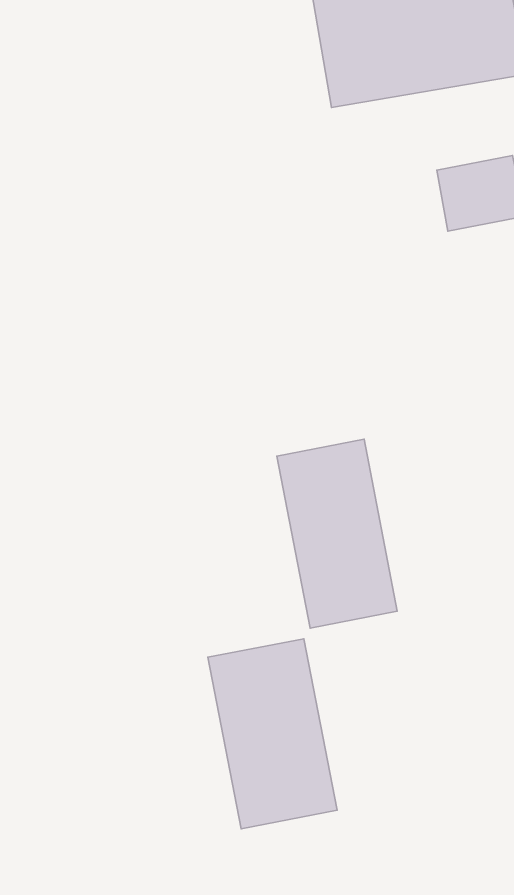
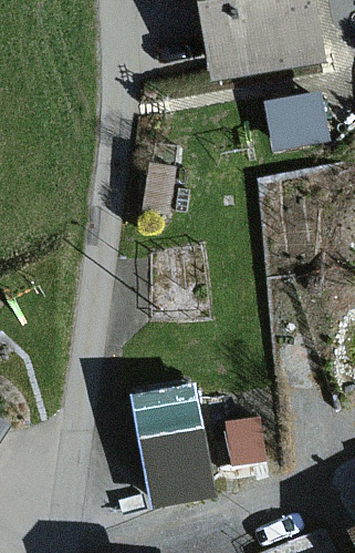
building: [277,439,397,628] -> none

